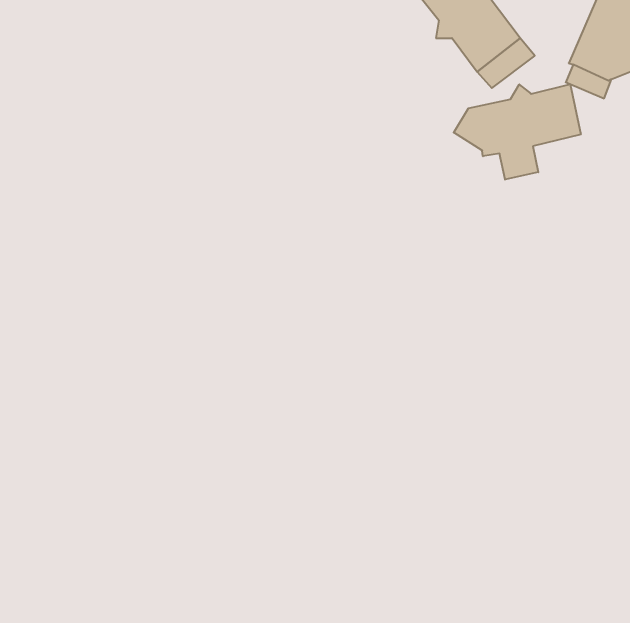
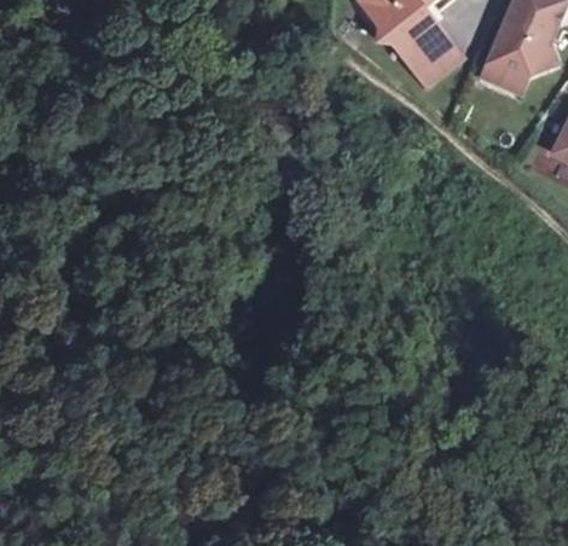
building: [454,84,581,180] -> none

